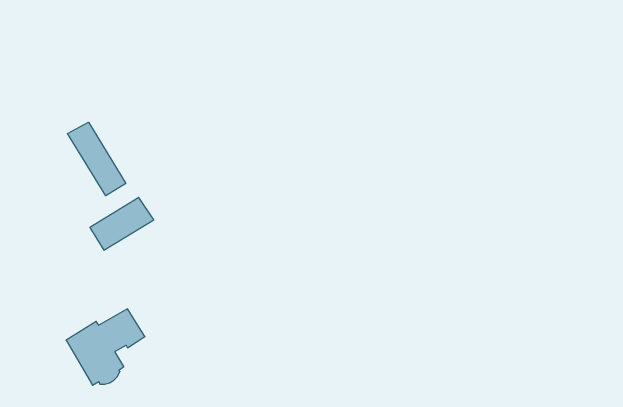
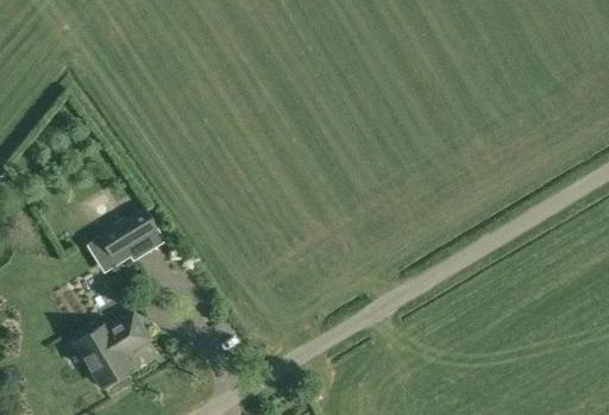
building: [67,122,126,196] -> none

